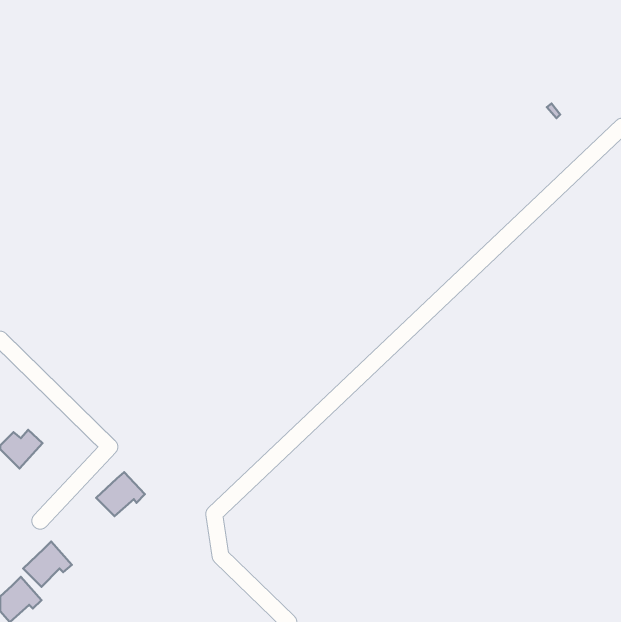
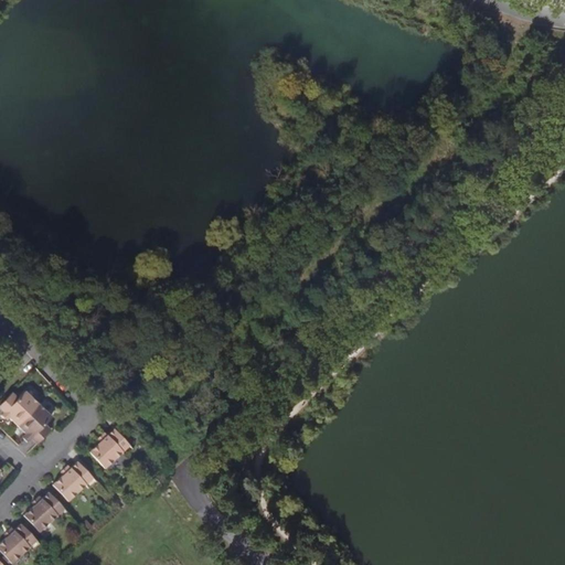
building: none -> [19,402,53,443]
building: none -> [52,461,96,502]

